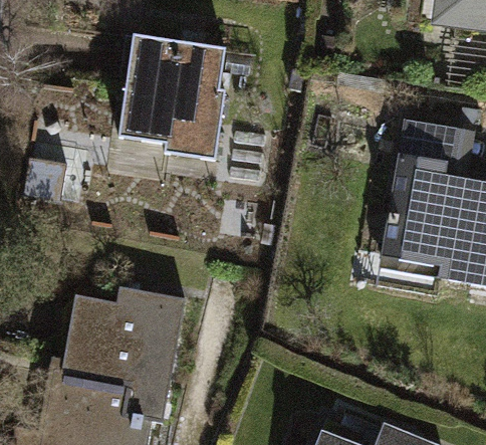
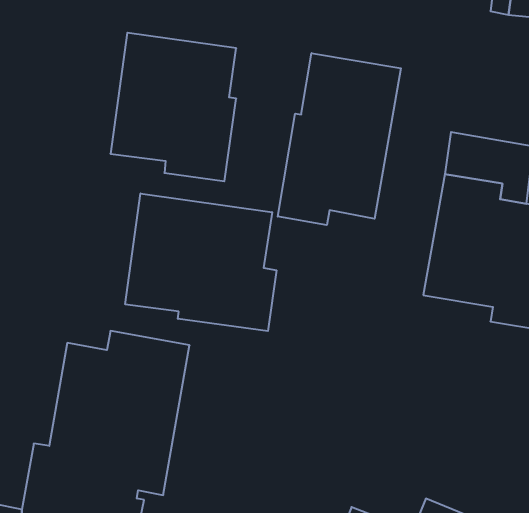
building: none -> [278,53,401,225]
building: none -> [125,193,276,331]

